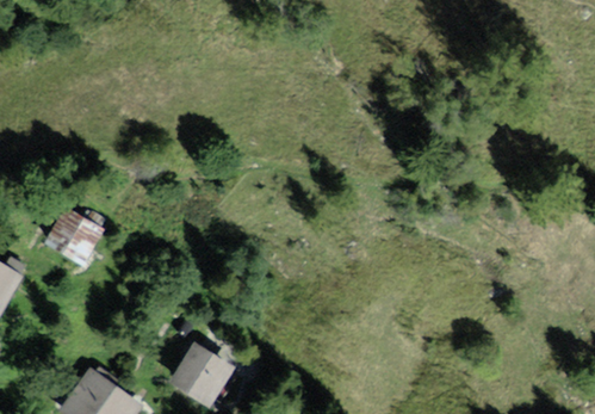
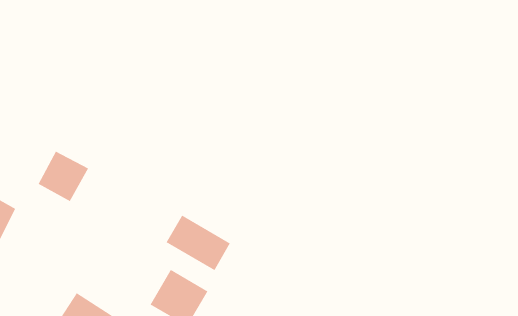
building: none -> [166,214,231,271]

